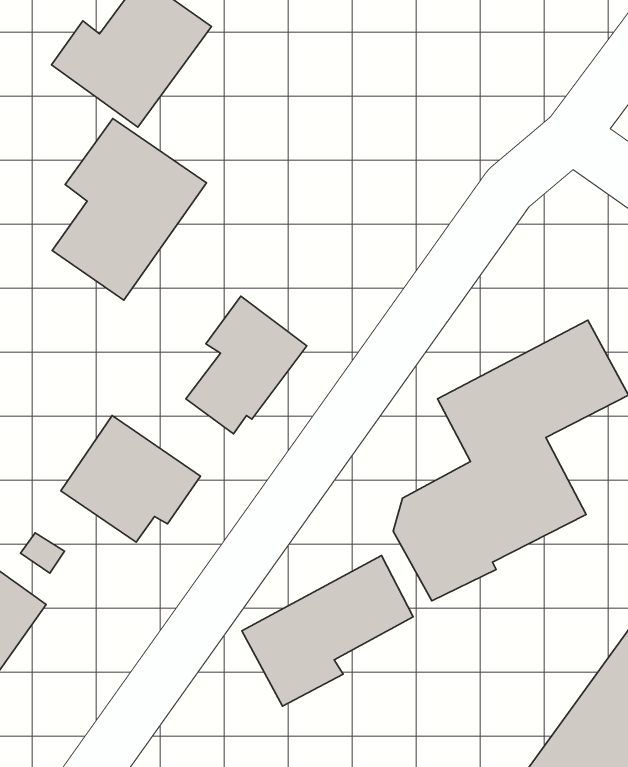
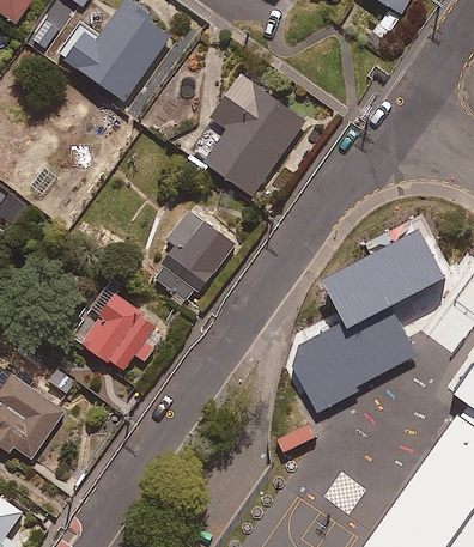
building: [52,118,207,300] -> [207,78,308,196]
building: [242,556,413,706] -> none

